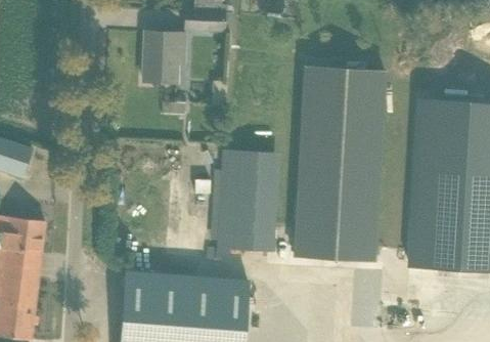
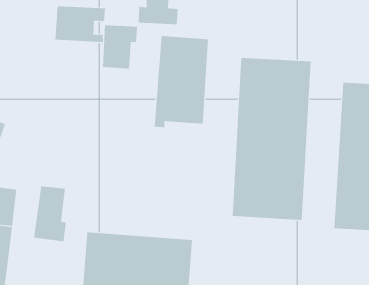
building: none -> [55,5,106,43]
building: [215,151,278,257] -> [154,36,209,128]
building: none -> [34,186,66,242]

